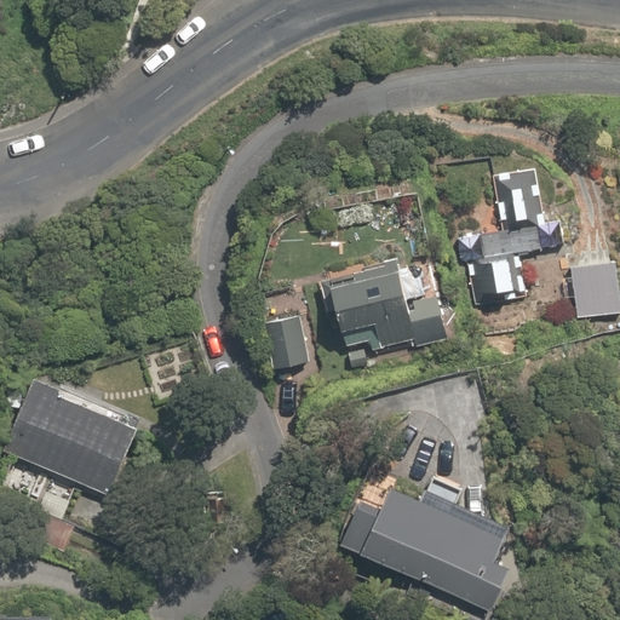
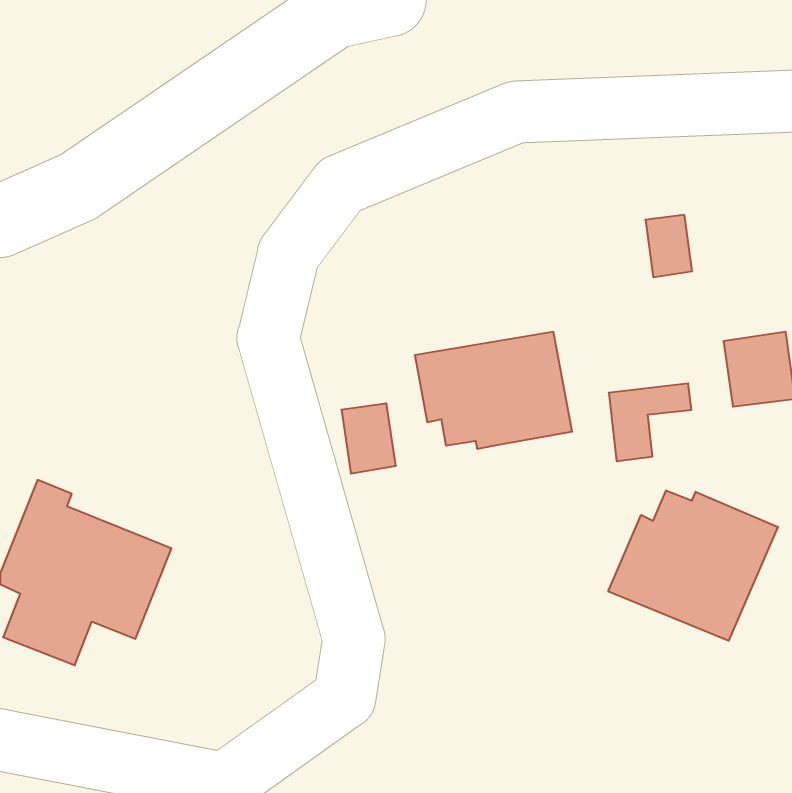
building: [482,229,546,289] -> [609,383,691,461]
building: none -> [608,490,778,641]
building: [335,477,504,605] -> none

